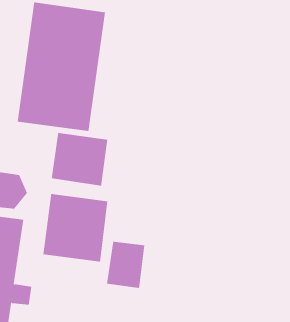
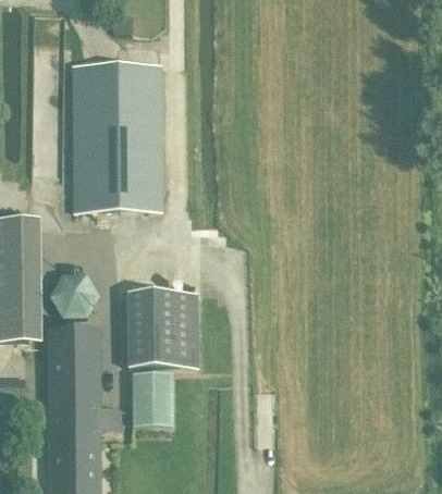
building: [51,132,108,186] -> none
building: [106,241,145,289] -> [132,371,173,424]

